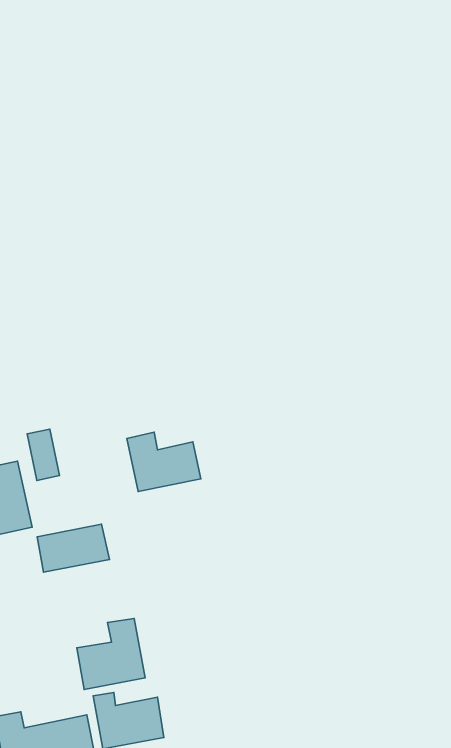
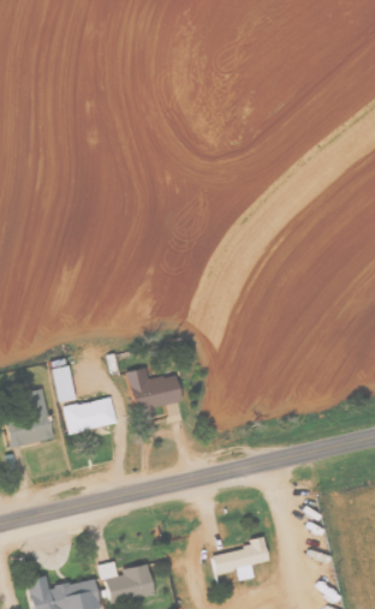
building: [37,524,109,572] -> [62,396,117,432]
building: [77,618,145,689] -> none
building: none -> [212,536,267,580]

